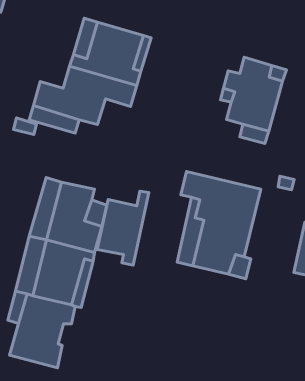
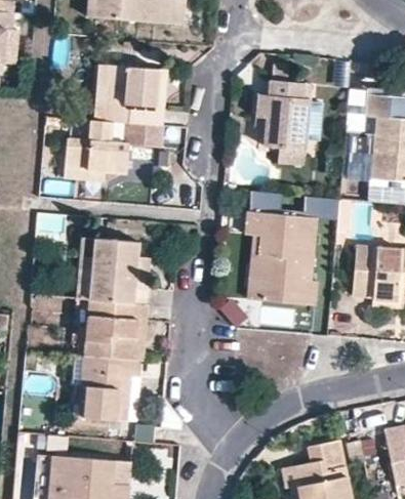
building: [97,191,149,265] -> none

